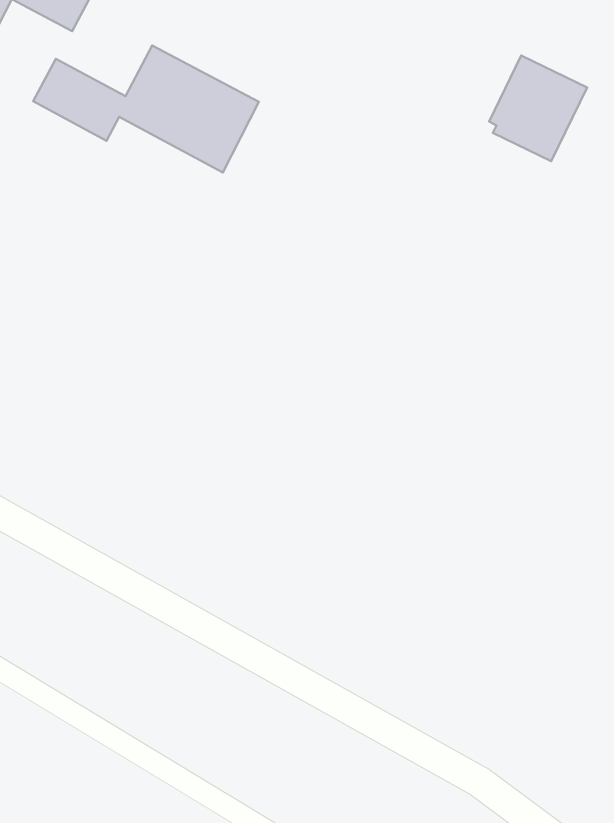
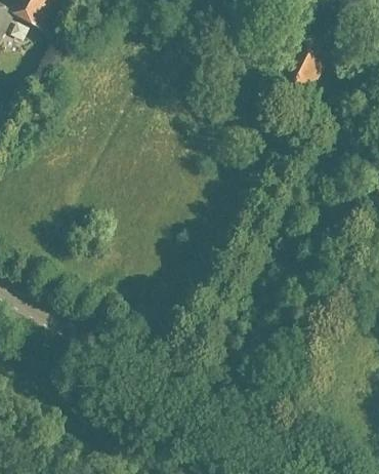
building: [33,46,259,173] -> none

